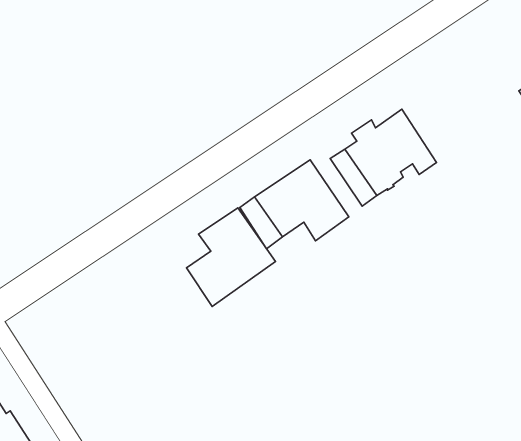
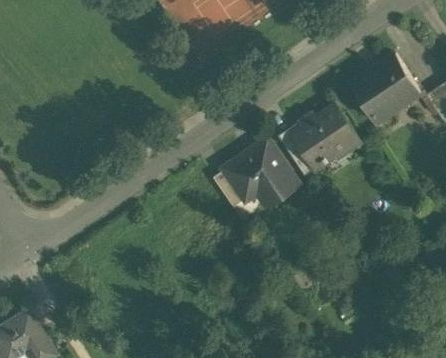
building: none -> [351,53,421,120]
building: [186,208,275,306] -> none

